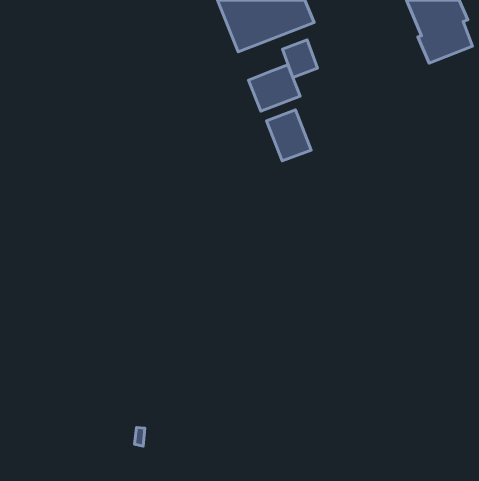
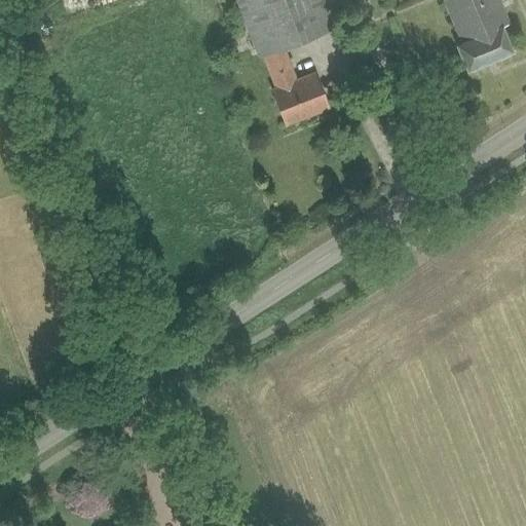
building: [283,40,317,77] -> [260,46,298,87]
building: [267,110,311,161] -> none

